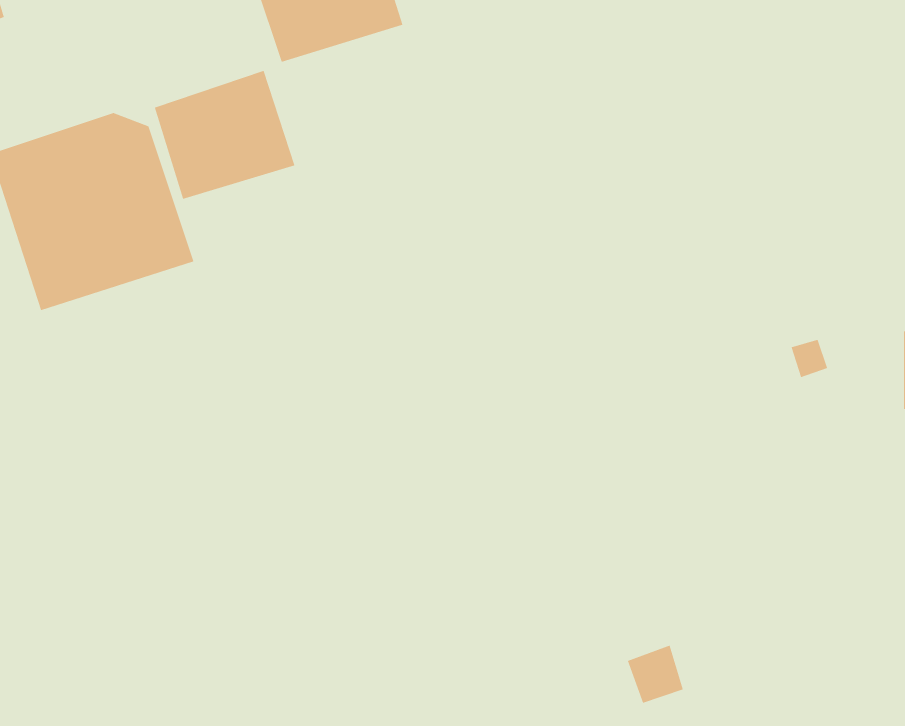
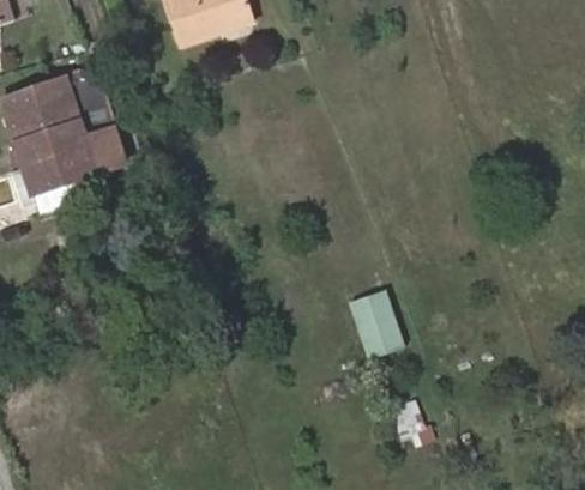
building: [154,70,295,200] -> none
building: none -> [350,288,403,356]

